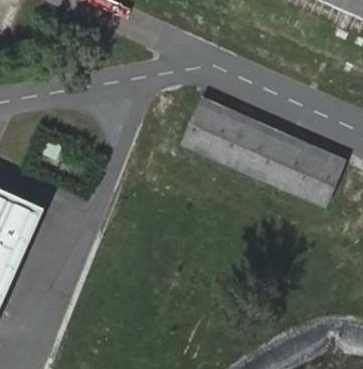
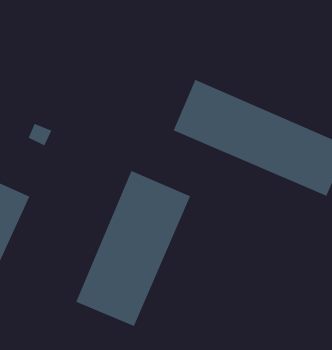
building: none -> [76,170,191,327]

